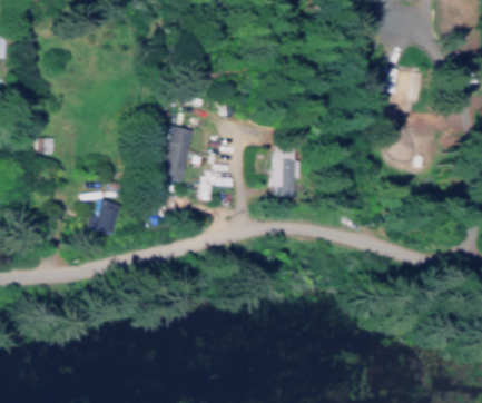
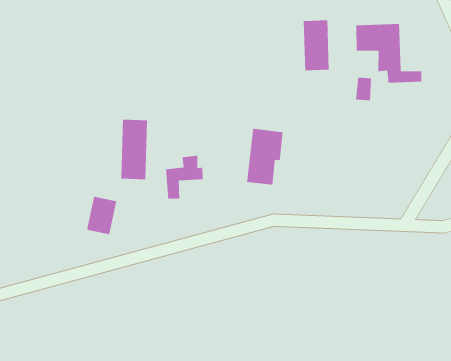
building: none -> [303,20,330,71]
building: [90,200,120,236] -> [86,196,117,235]

